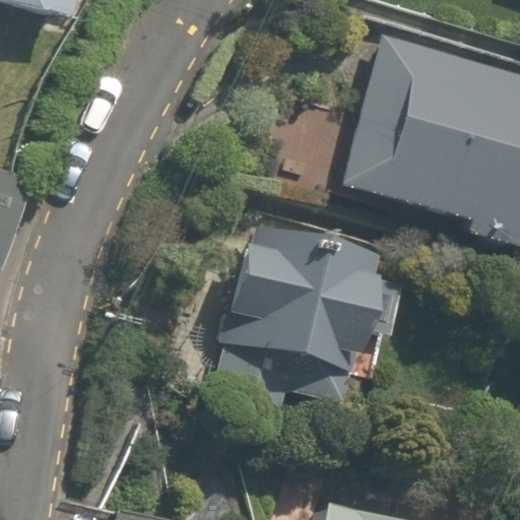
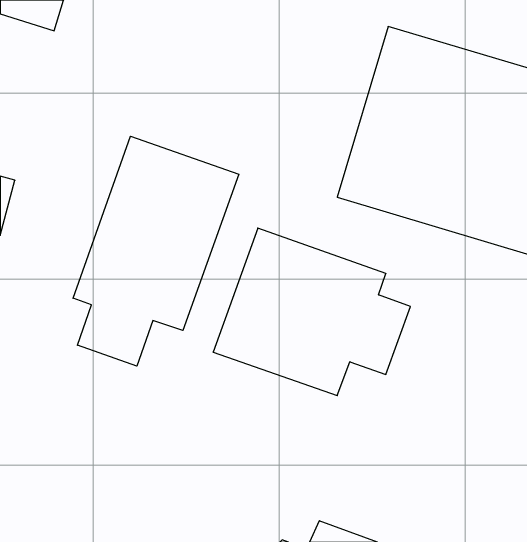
building: none -> [73,136,239,366]

